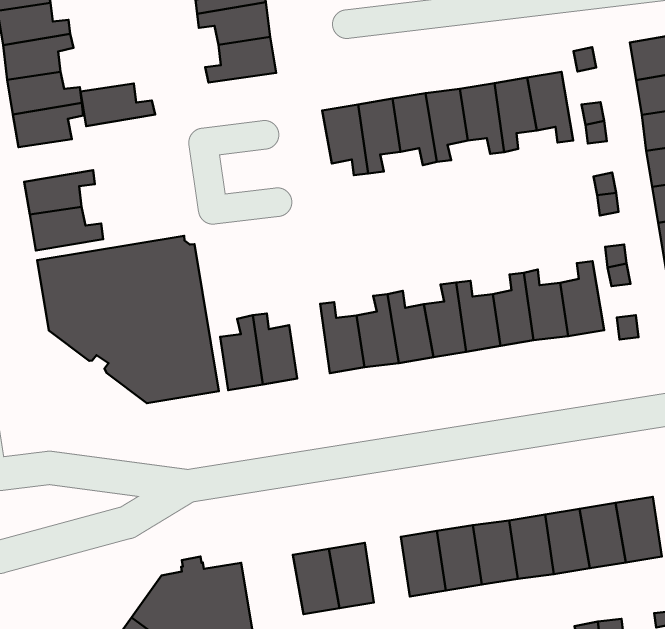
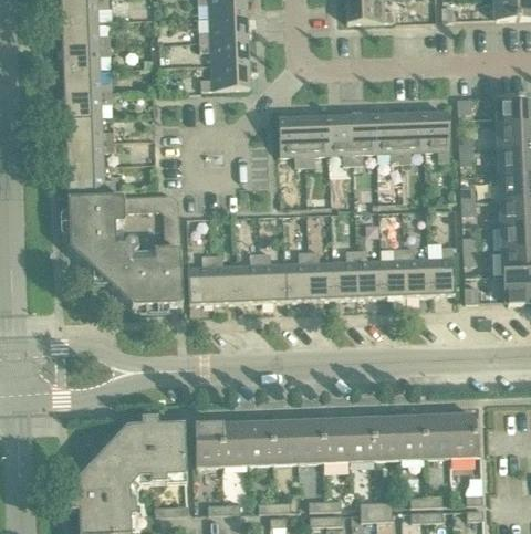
building: [80,84,155,126] -> [64,117,114,143]
building: none -> [237,252,261,302]
building: none -> [271,420,298,463]
building: none -> [195,423,222,467]

